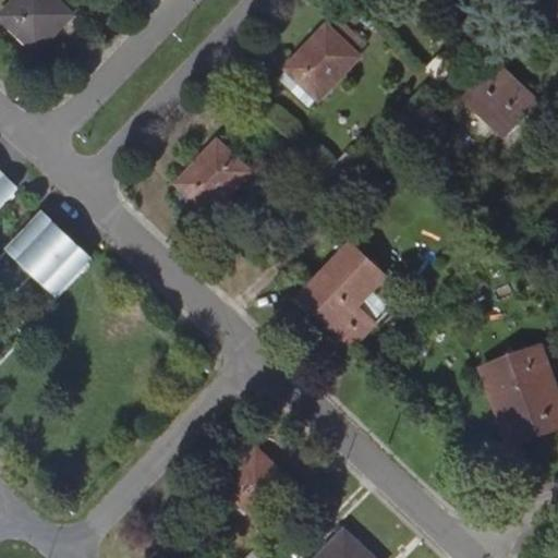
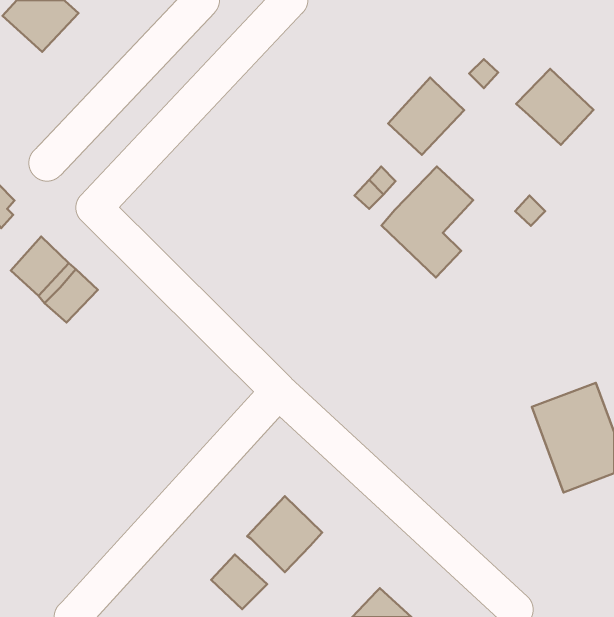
building: [289,25,357,95] -> [388,77,464,155]
building: [178,140,250,211] -> none
building: [300,243,383,343] -> [381,166,473,278]
building: none -> [211,554,267,609]

